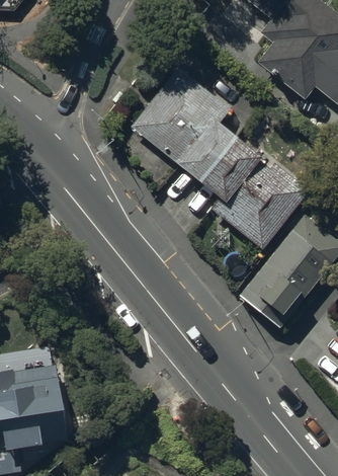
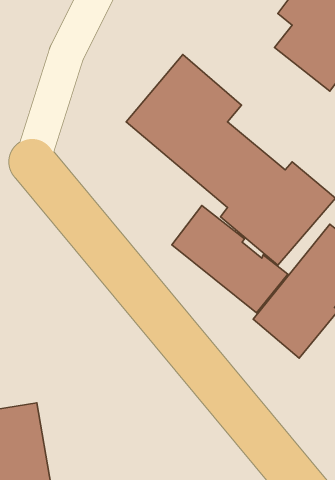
building: none -> [172,205,288,313]

